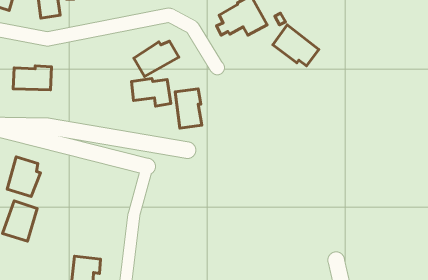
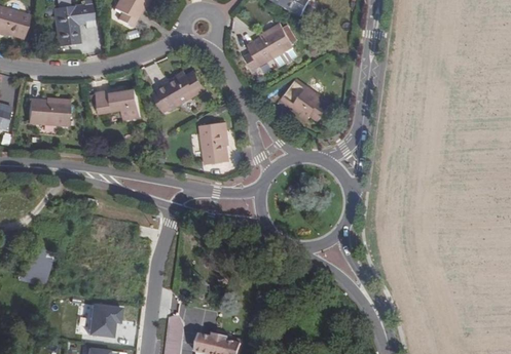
building: [273,25,319,66] -> [282,78,331,122]
building: [132,79,171,106] -> [97,89,139,119]
building: [7,157,41,196] -> none

